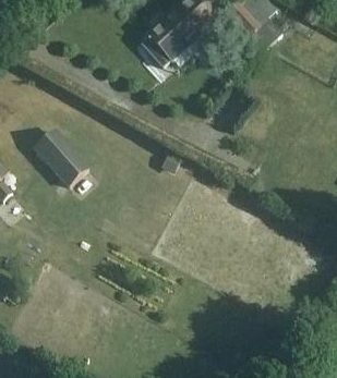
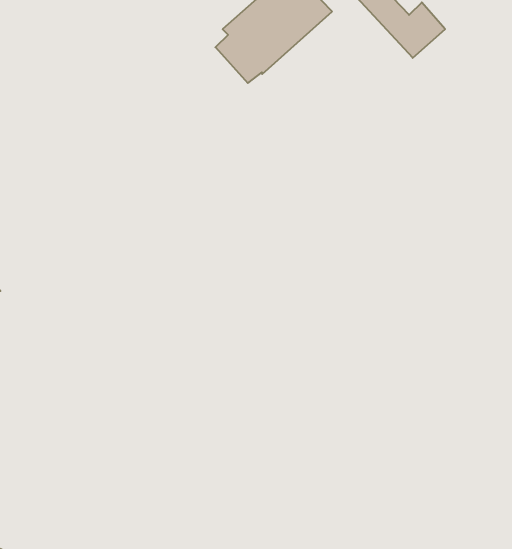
building: [36,130,88,185] -> none

